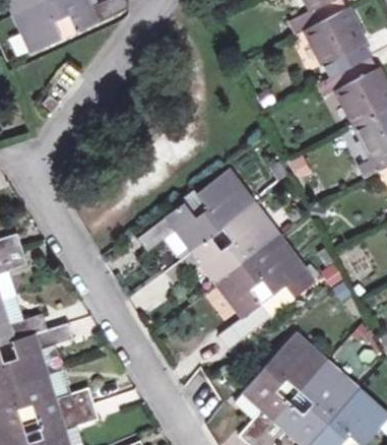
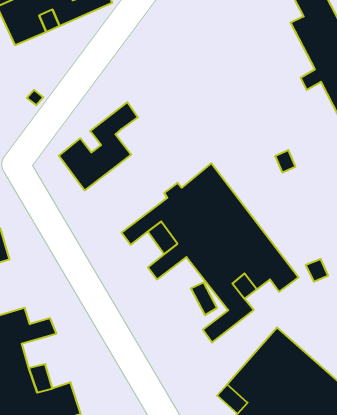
building: none -> [59,102,138,190]

